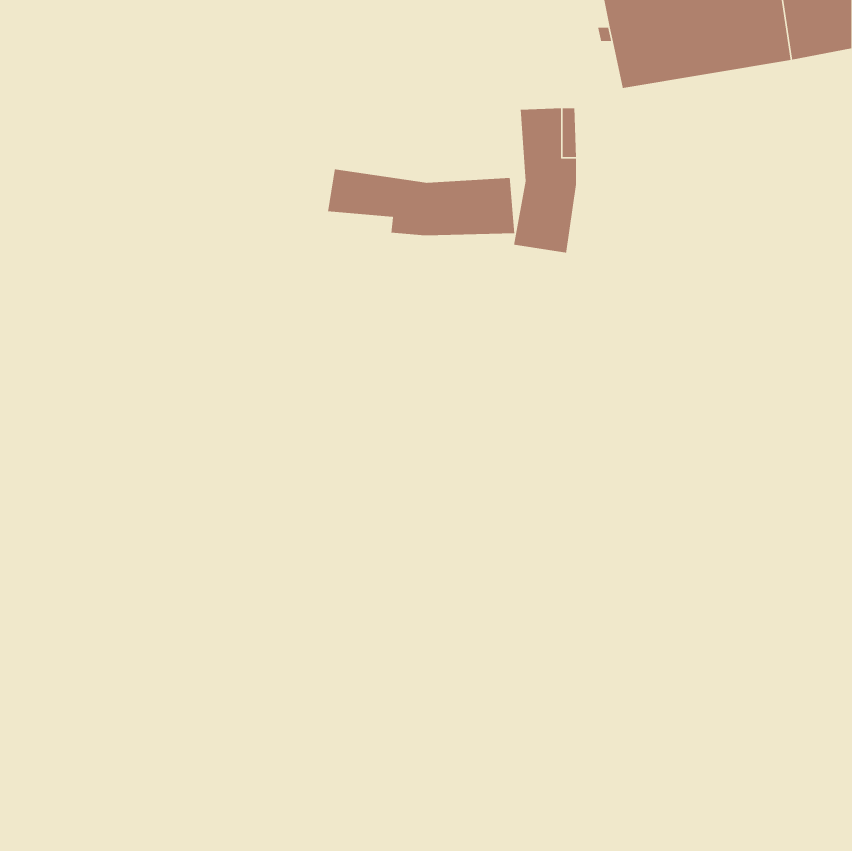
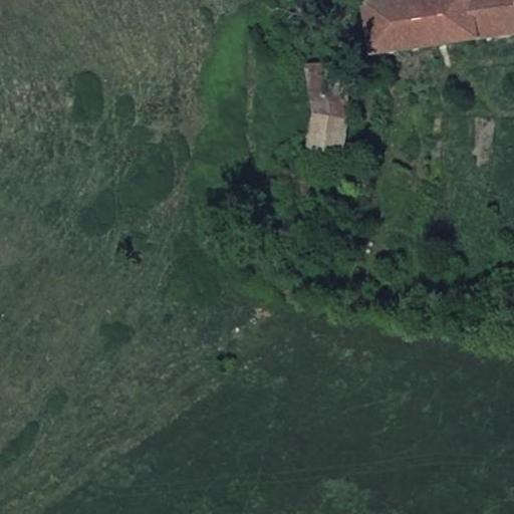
building: [327,169,515,236] -> none

